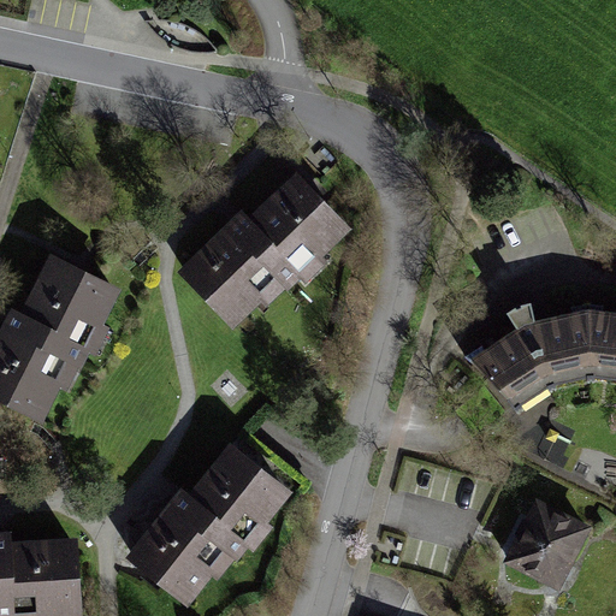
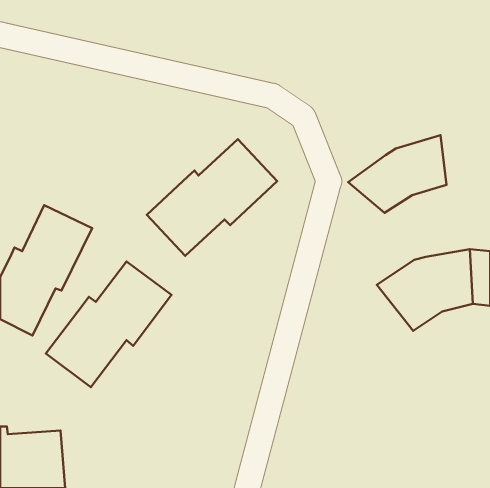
building: none -> [348,135,447,213]
building: [130,446,288,604] -> [46,261,171,387]
building: [511,508,587,585] -> none

